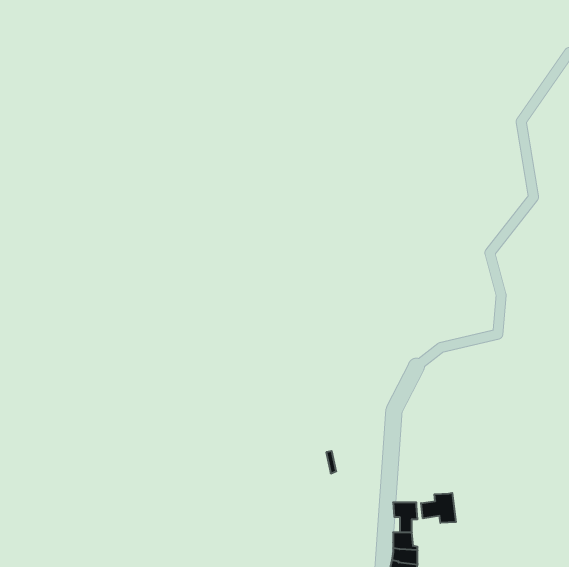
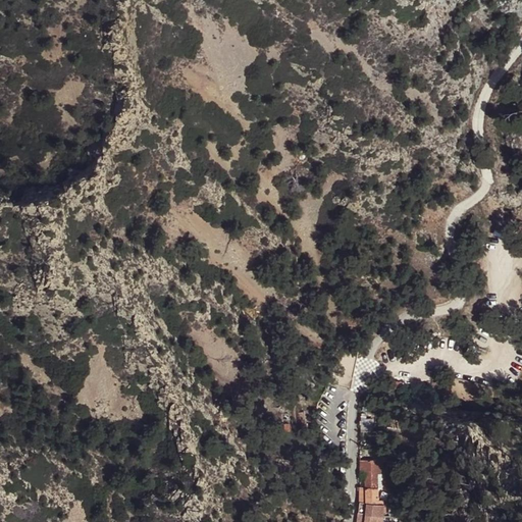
building: [421,493,456,523] -> none

